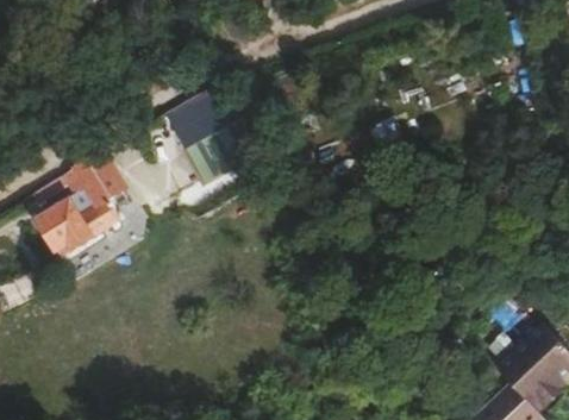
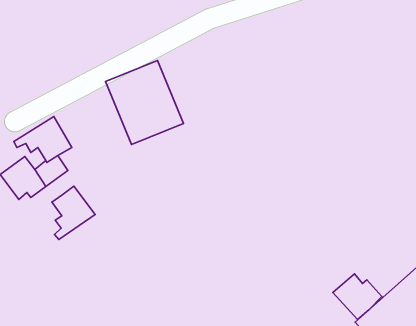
building: none -> [52,186,95,240]
building: none -> [333,274,382,319]

